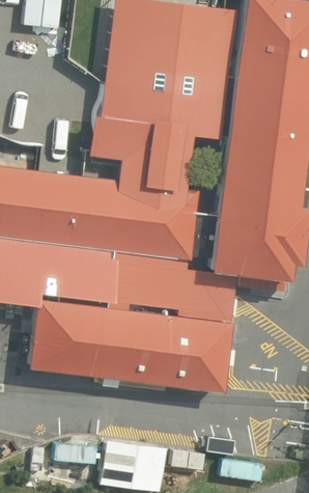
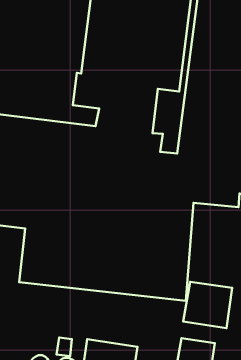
building: none -> [183,282,232,328]

